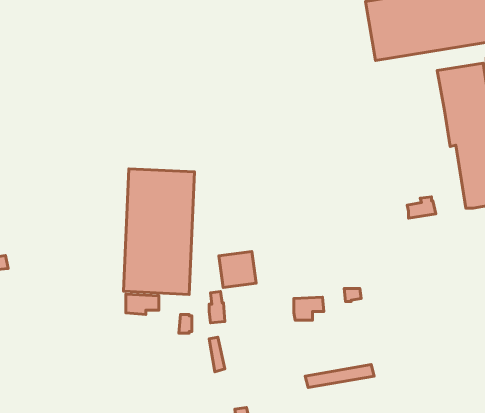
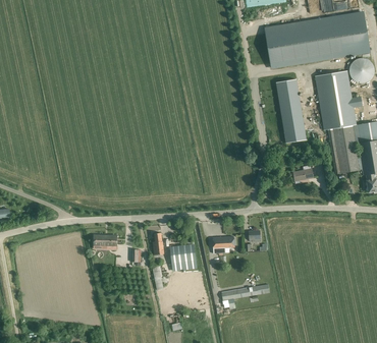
building: none -> [276,78,307,142]
building: [123,169,195,294] -> none
building: [219,252,256,287] -> [170,244,197,270]

